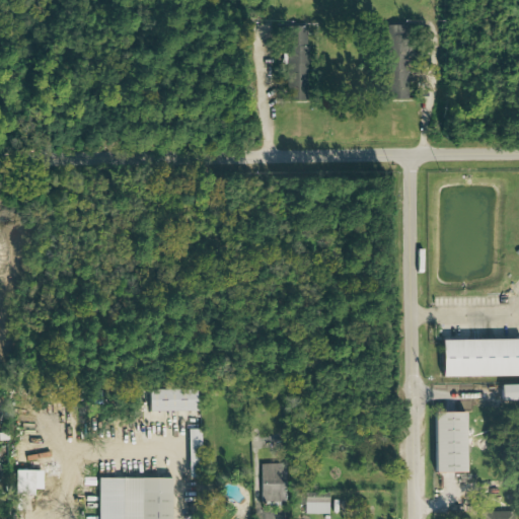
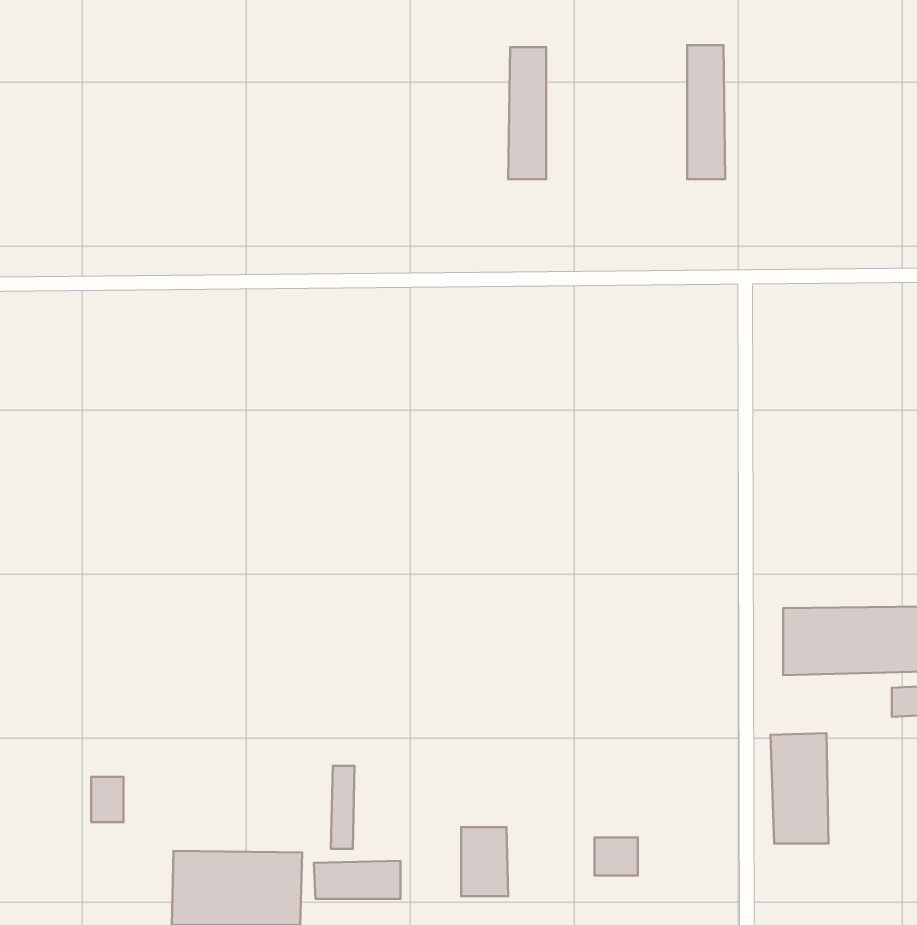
building: [151,389,200,411] -> [314,861,401,899]
building: [18,469,36,495] -> [91,777,124,822]
building: [307,493,331,514] -> [595,837,638,875]

